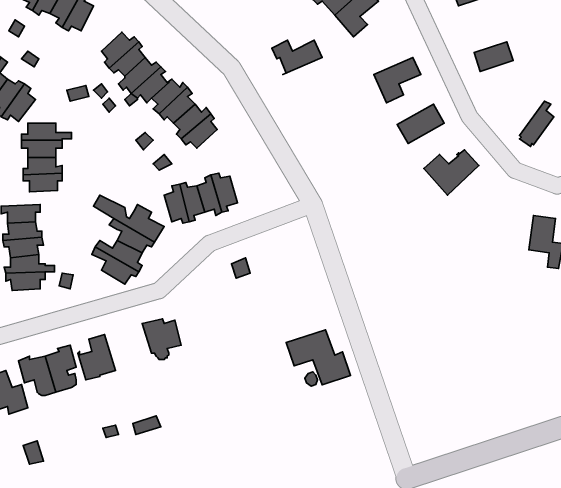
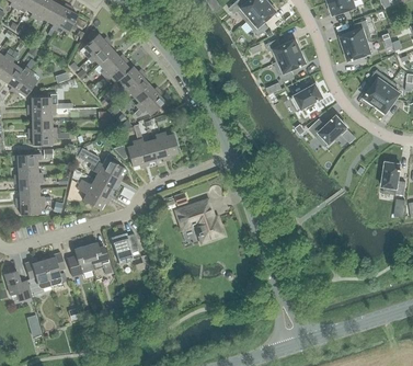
building: none -> [340,19,371,47]
building: [272,40,322,75] -> [265,38,300,62]
building: none -> [364,68,392,105]
building: none -> [84,241,111,273]
building: [286,330,350,385] -> [176,202,221,240]

